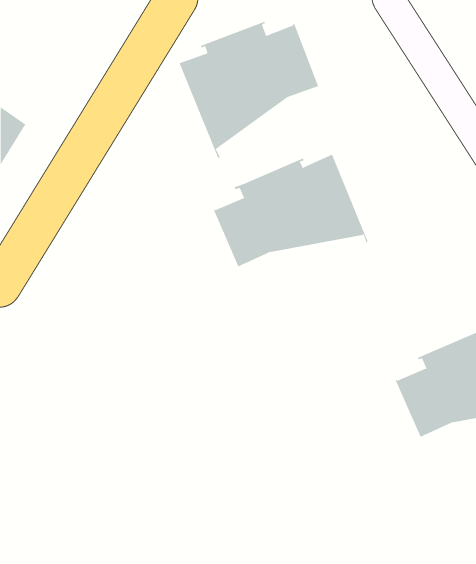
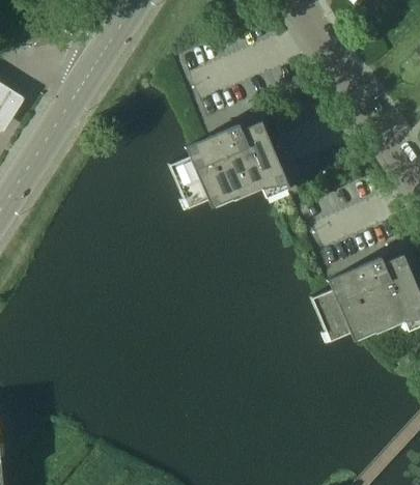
building: [179,21,319,158] -> none

